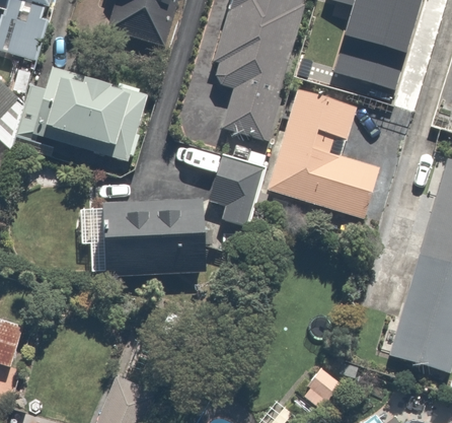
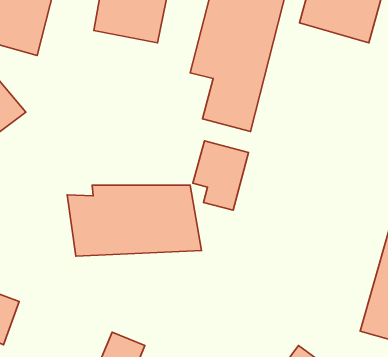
building: [353,55,405,102] -> none
building: [37,66,152,163] -> none
building: [271,87,379,216] -> none

